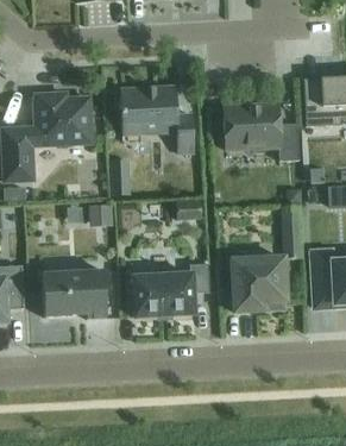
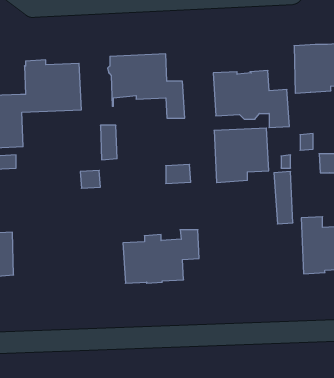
building: [232,257,287,312] -> [214,128,269,183]
building: [42,269,106,319] -> none

